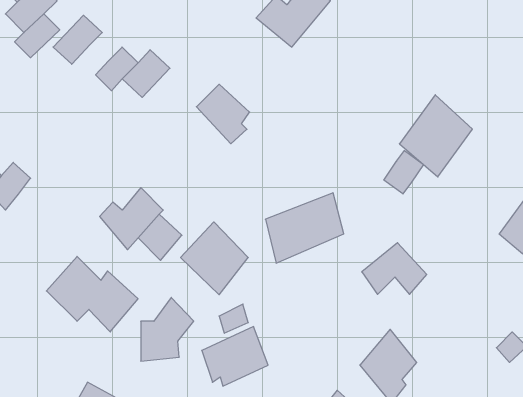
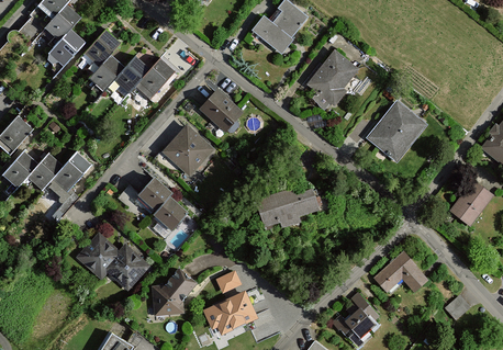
building: none -> [305,48,361,105]
building: none -> [87,55,126,93]
building: [384,151,423,194] -> none
building: none -> [52,150,92,196]
building: [181,222,248,295] -> [159,121,215,181]
building: [362,243,427,294] -> [375,251,428,294]

